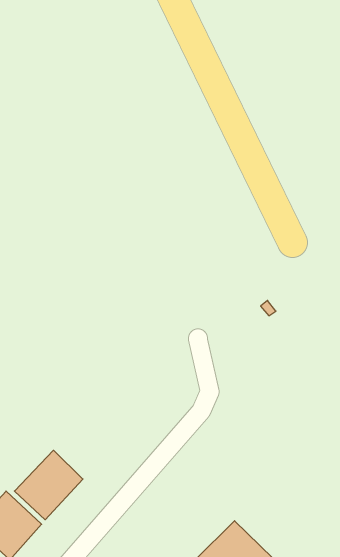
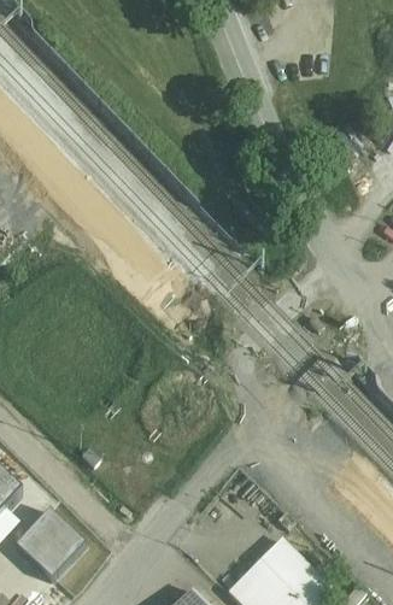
building: [14,450,83,520] -> none

